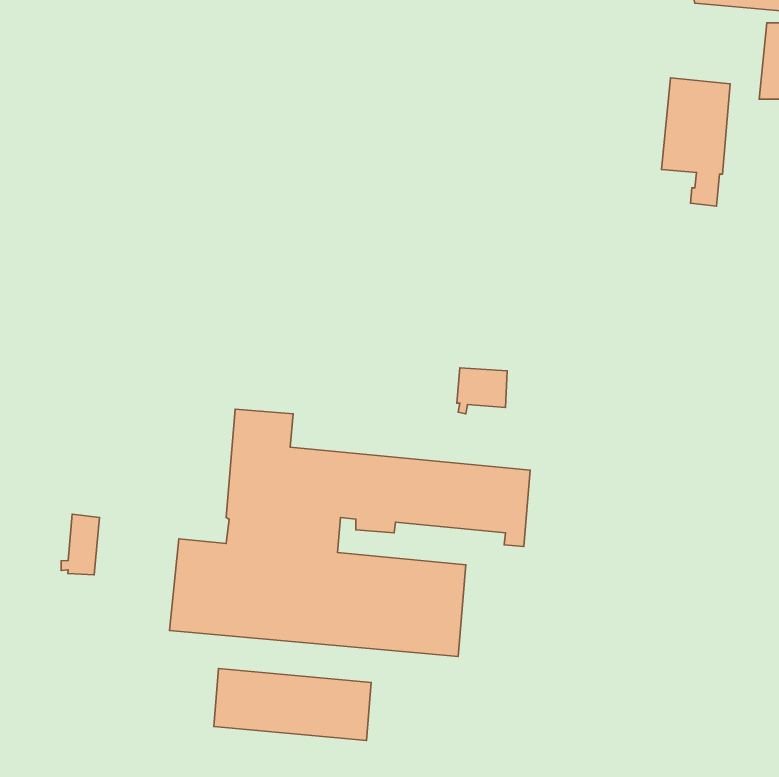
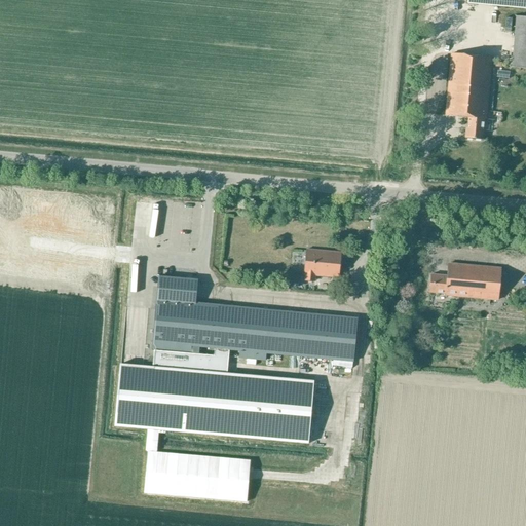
building: none -> [429,262,501,299]
building: [61,514,99,575] -> none

